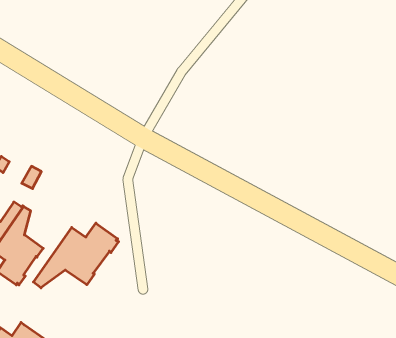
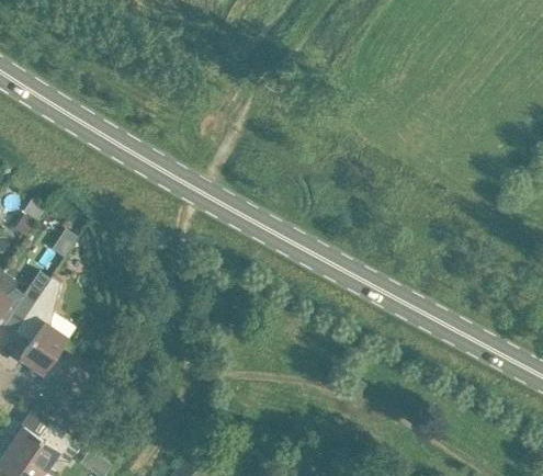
building: [33,223,119,288] -> none

